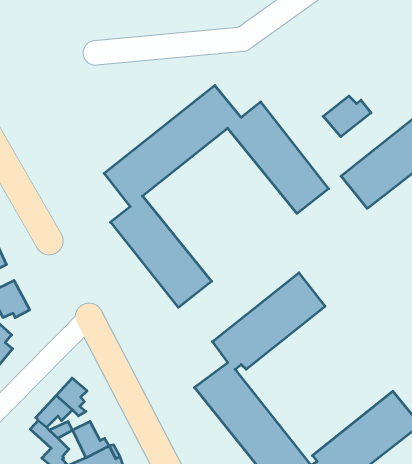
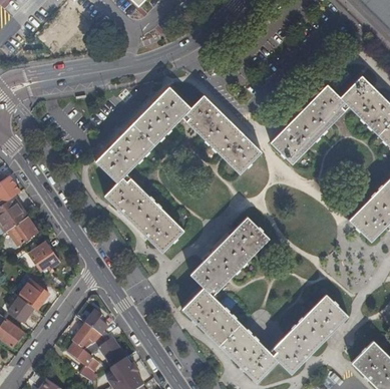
building: [323,96,371,137] -> none

